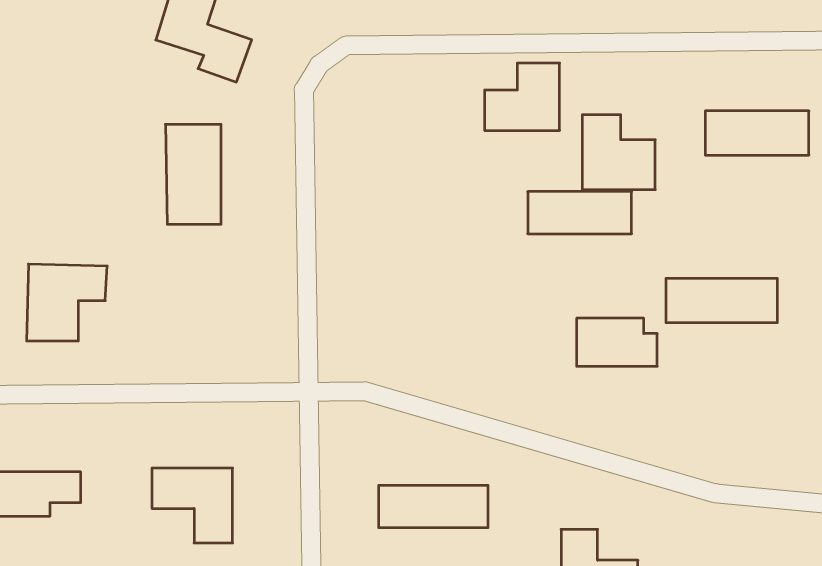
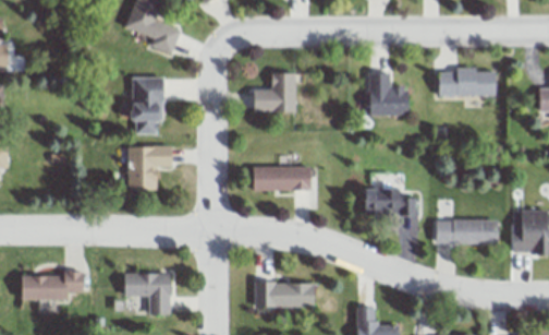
building: [485,63,560,130] -> [253,73,295,111]
building: [528,192,632,234] -> [253,166,312,190]
building: [27,264,107,341] -> [127,146,173,190]
building: [666,278,777,323] -> [435,219,498,244]

